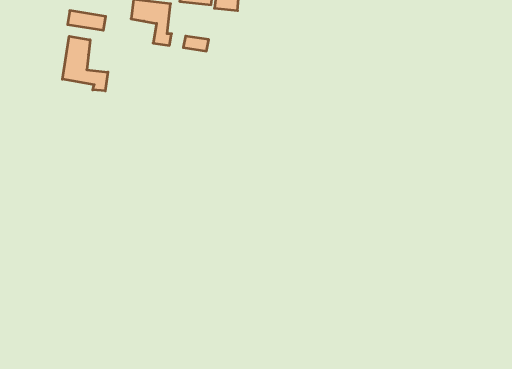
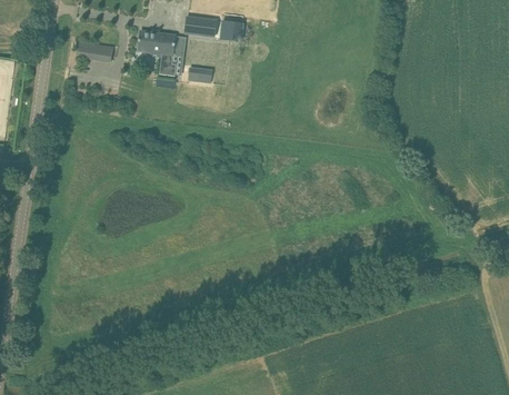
building: [62,36,108,91] -> none

